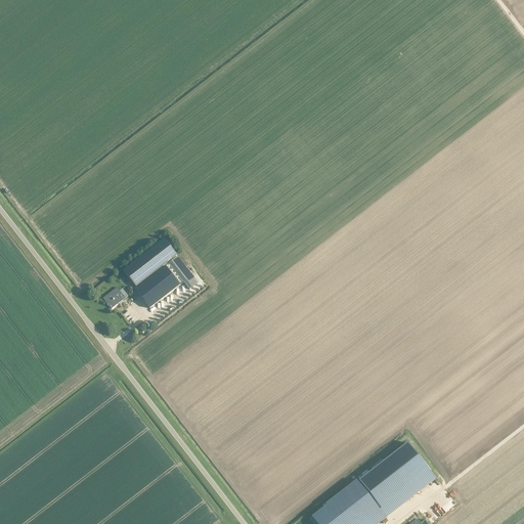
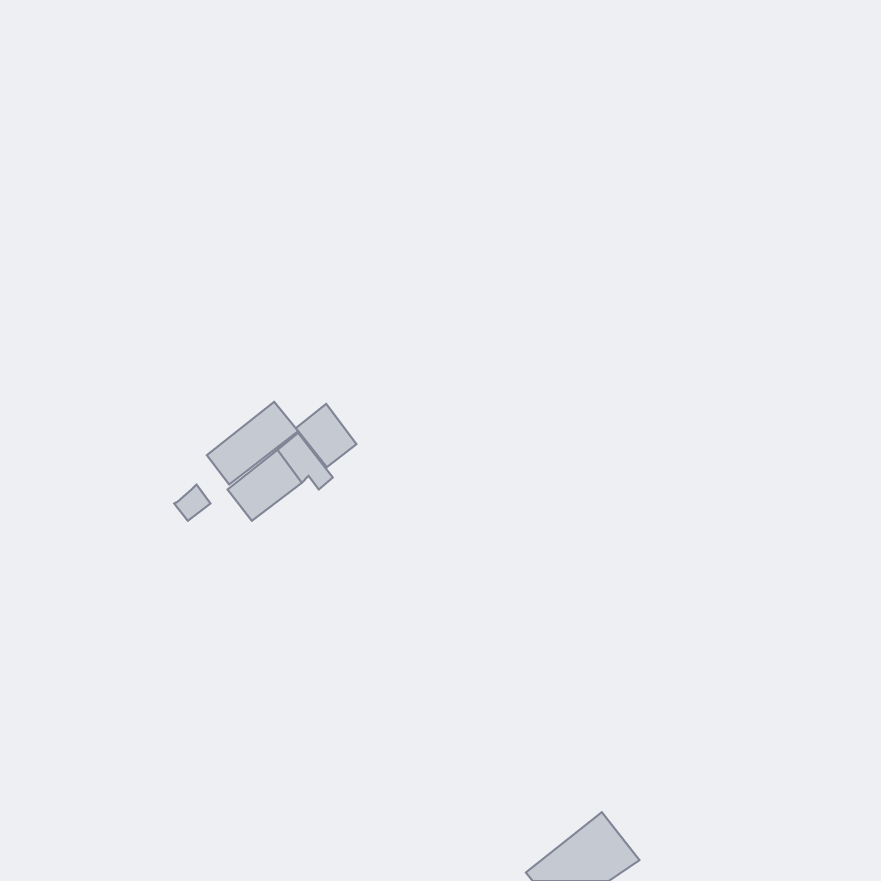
building: none -> [296,404,357,467]
building: [359,443,430,510] -> none

